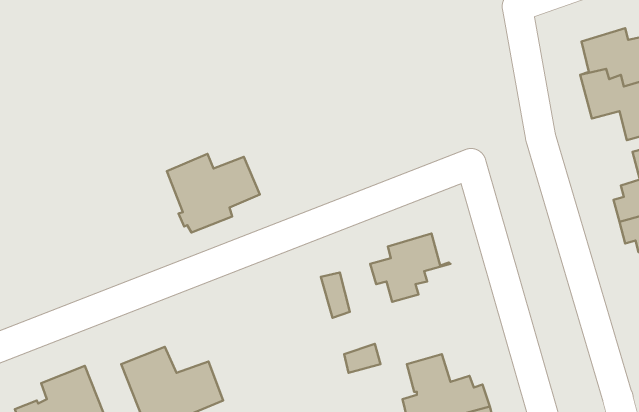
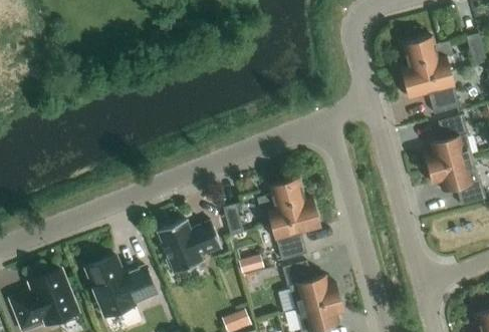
building: [167,154,260,232] -> [158,219,222,273]
building: none -> [272,199,320,260]

